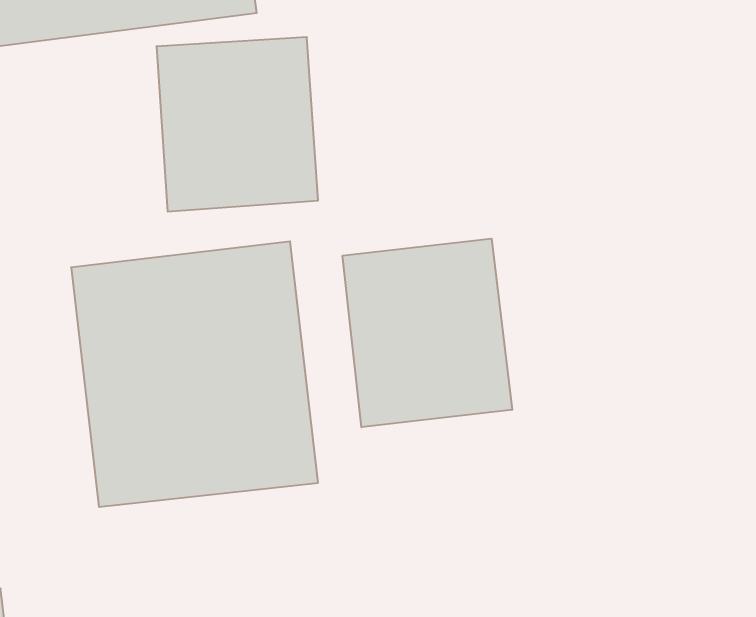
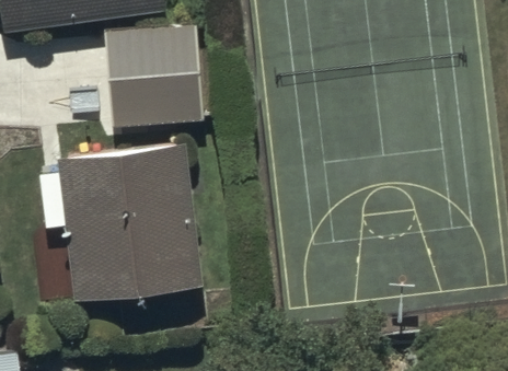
building: [343,239,512,427] -> none

